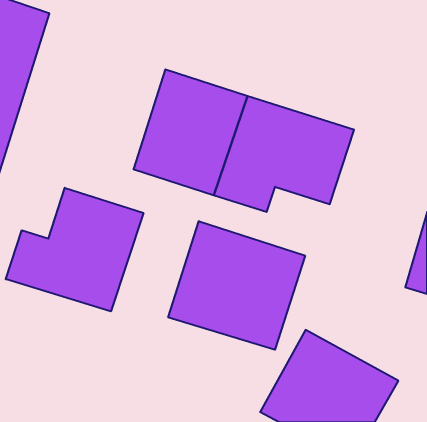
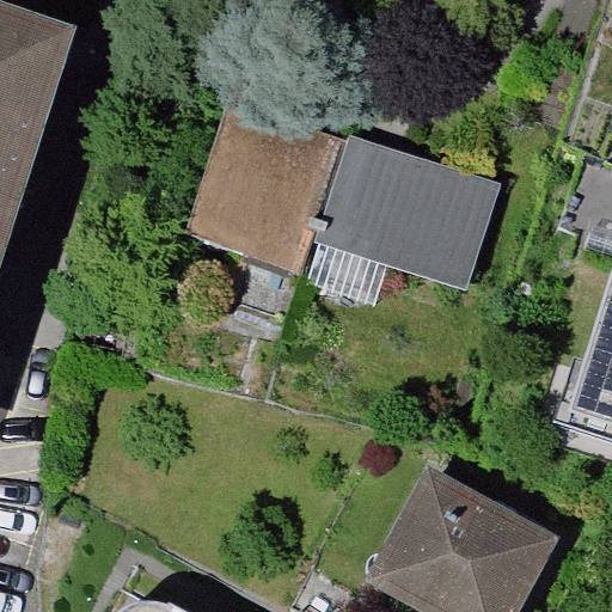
building: [6,188,143,311] -> none
building: [168,221,305,350] -> none

